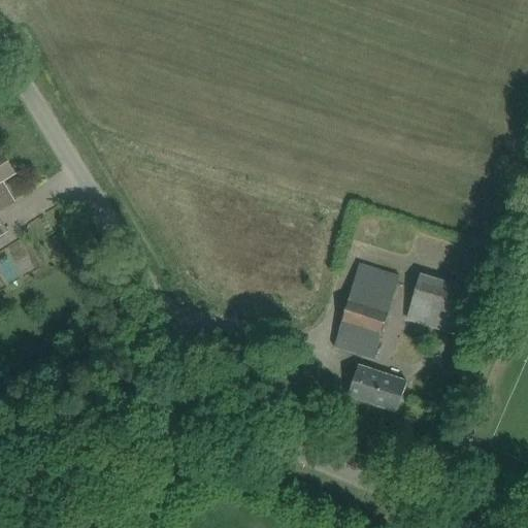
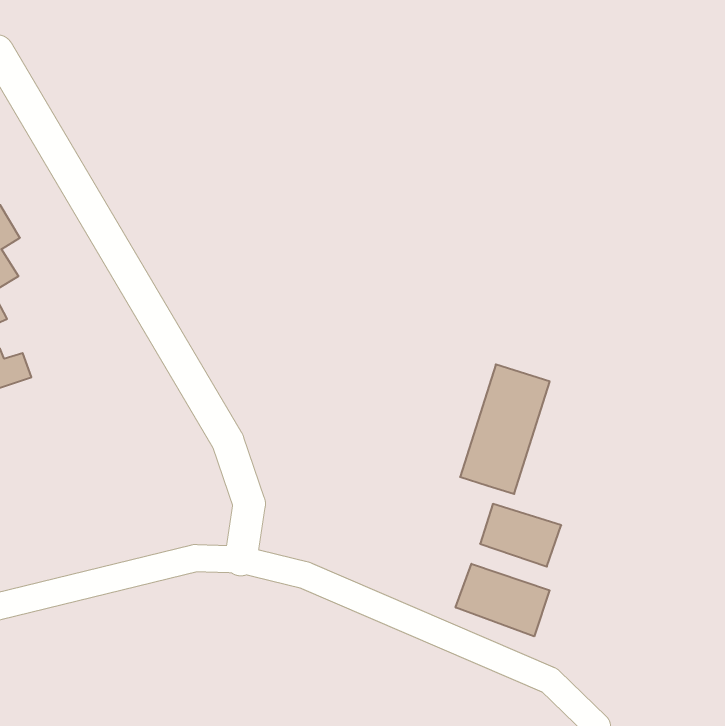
building: [405,273,469,334] -> none
building: none -> [456,564,550,636]

